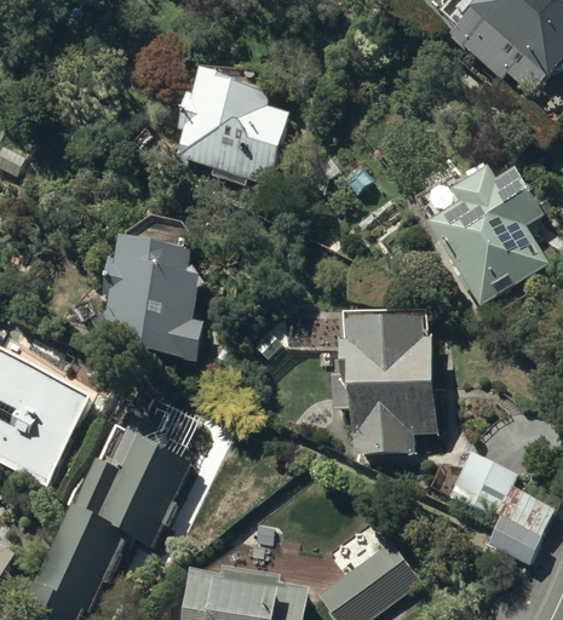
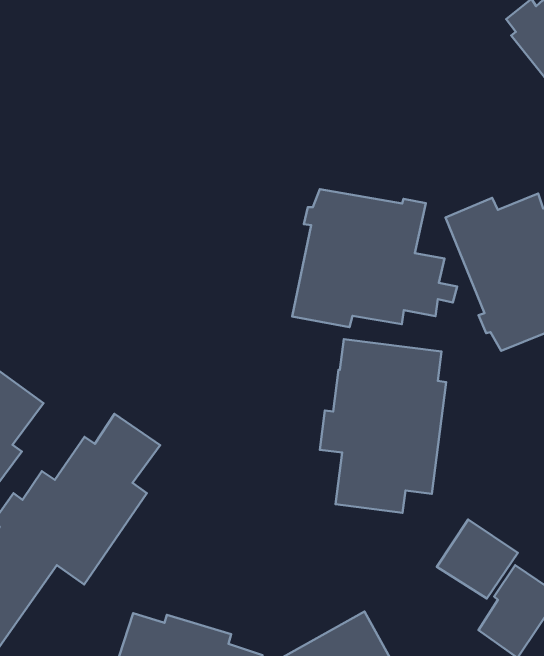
building: [178,65,292,185] -> none
building: none -> [292,189,457,327]
building: [94,216,195,356] -> none

